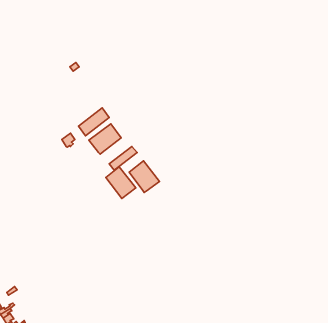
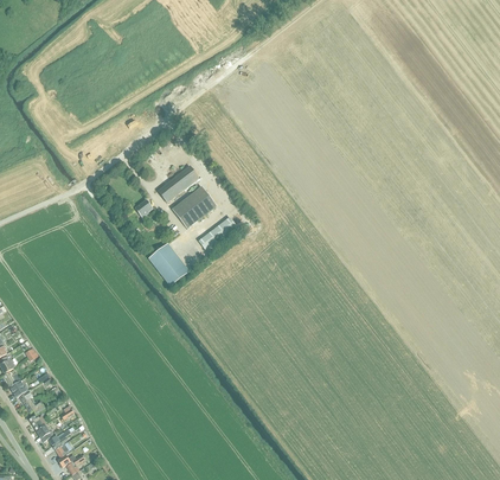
building: [129,161,159,192] -> none
building: [106,167,136,198] -> [148,243,188,286]

